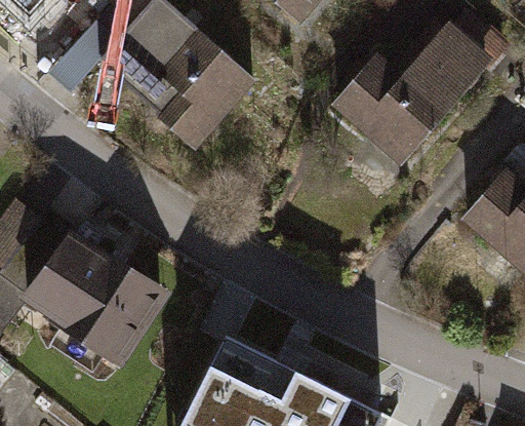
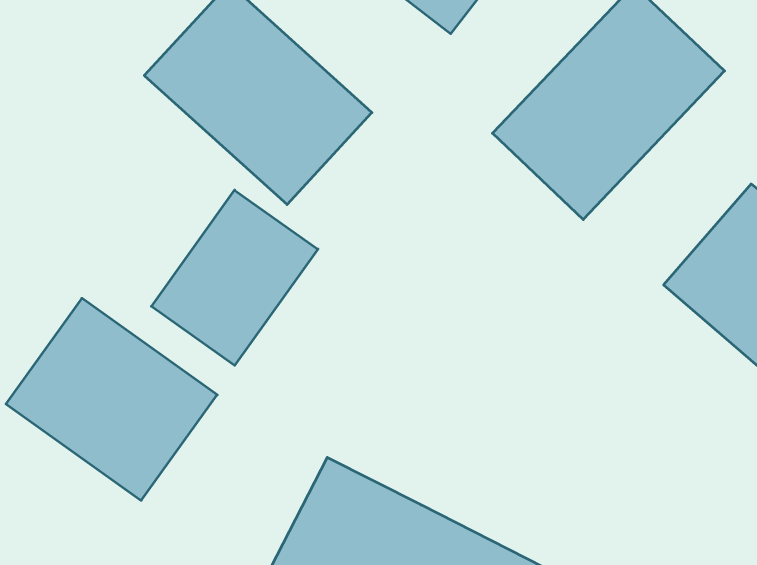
building: none -> [151,190,318,365]

